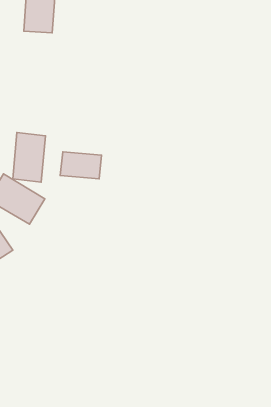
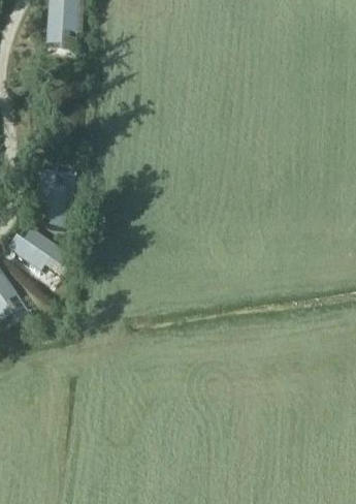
building: [60,152,102,179] -> none

